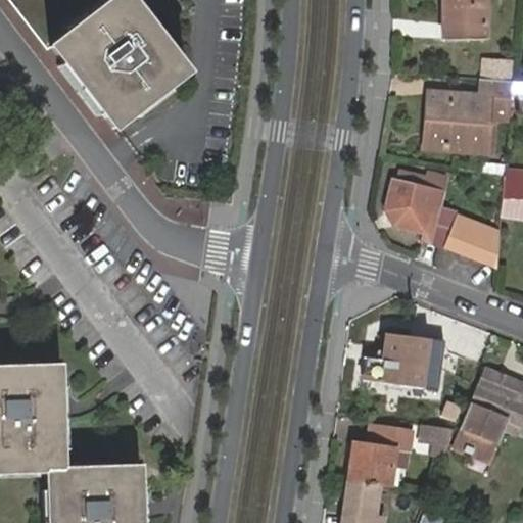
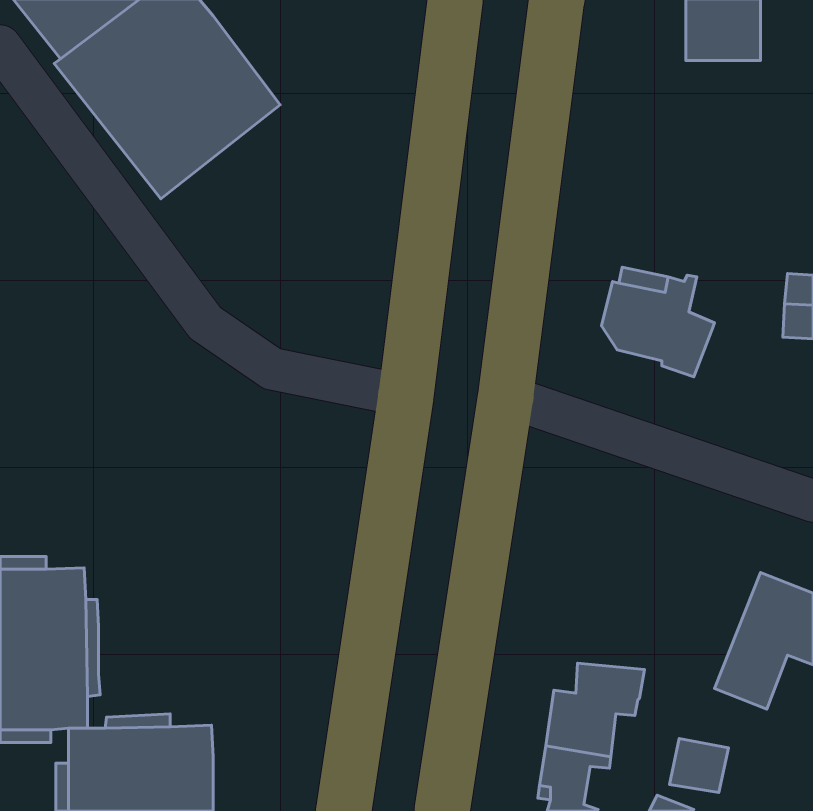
building: [426,78,513,148] -> none
building: [445,210,502,264] -> none
building: [364,333,444,390] -> none
building: [412,422,449,457] -> [670,738,728,792]

